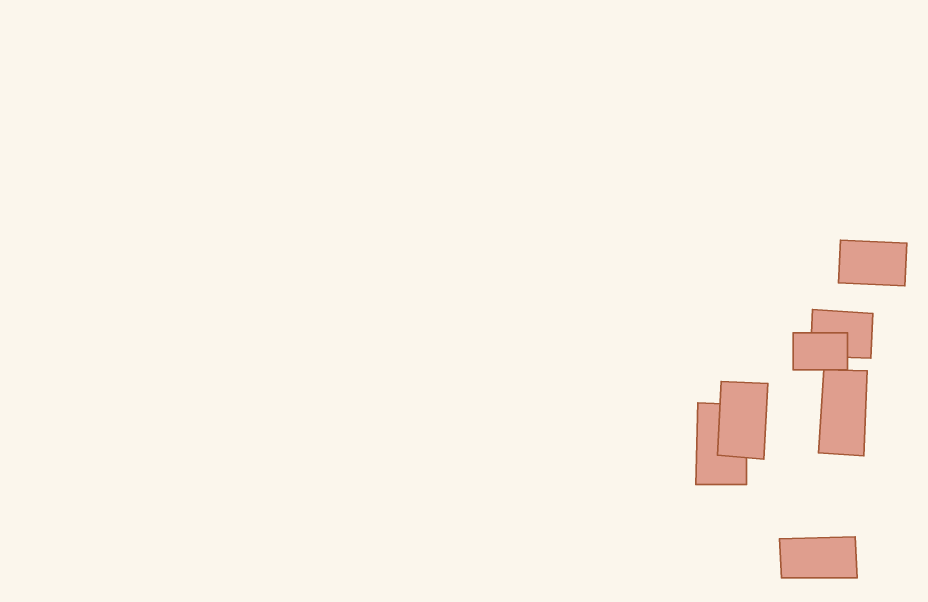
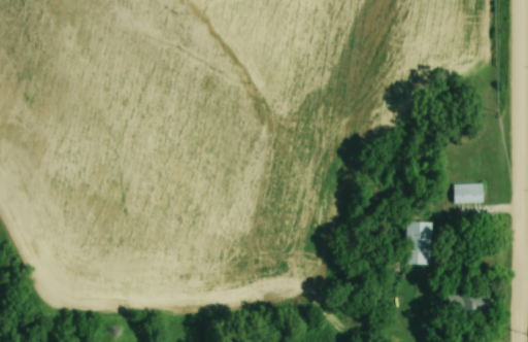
building: [839,240,907,286] -> none
building: [819,370,867,456] -> none

